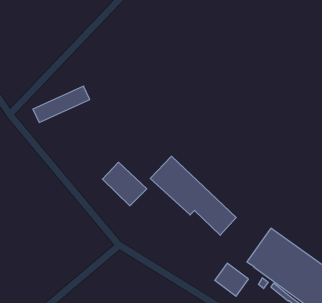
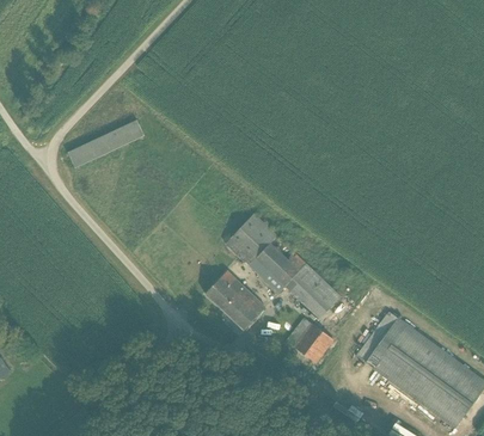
building: [102,162,147,206] -> [207,271,266,330]
building: [215,263,248,296] -> [288,318,333,362]

